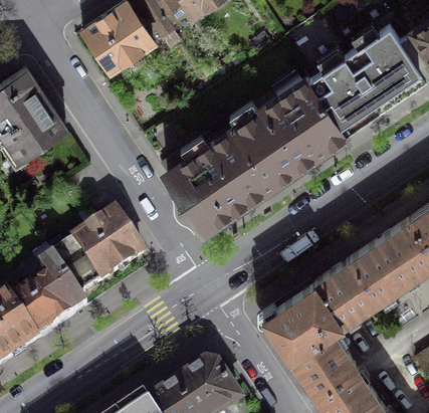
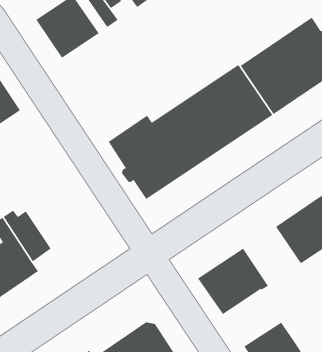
building: [70,212,141,283] -> none
building: [311,259,375,325] -> none
building: [288,329,354,392] -> none

